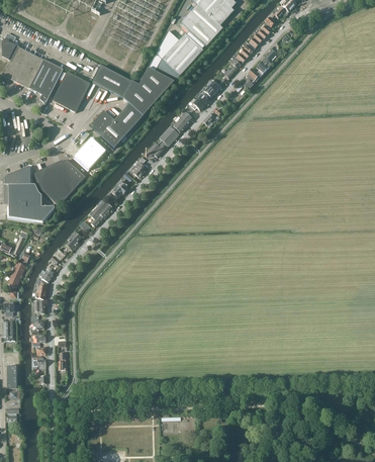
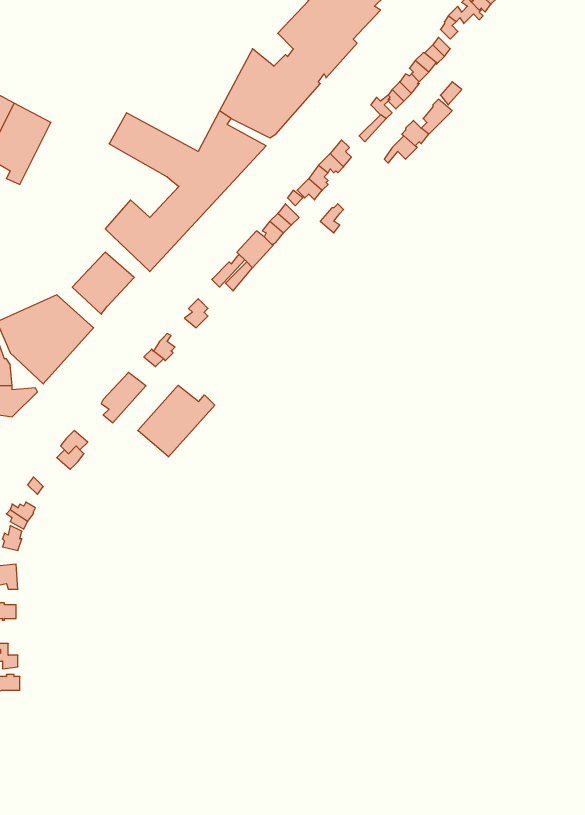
building: [53,71,90,111] -> none
building: none -> [138,385,215,457]

